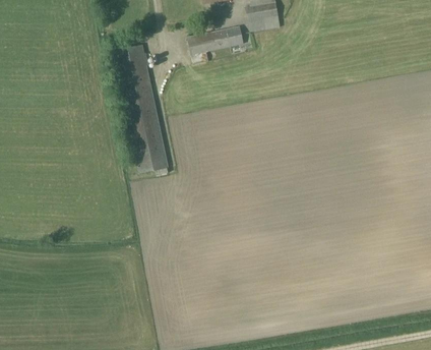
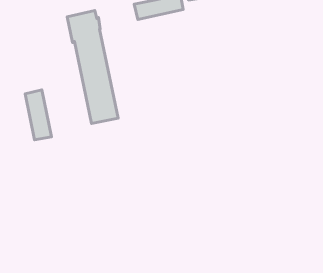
building: none -> [25,90,51,140]

